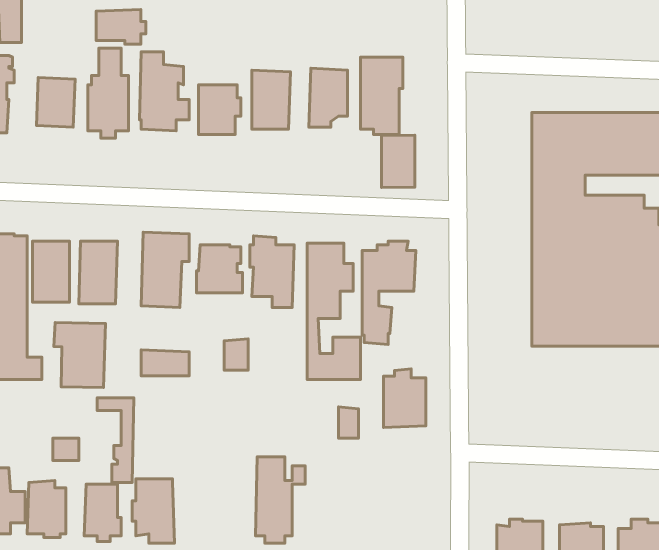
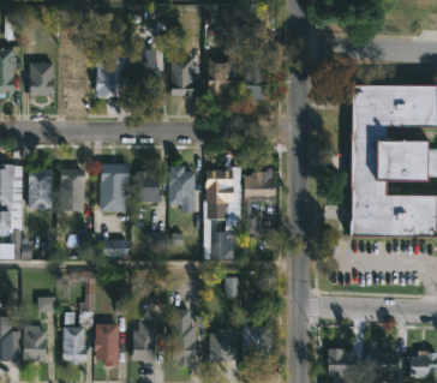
building: [96,9,146,44] -> none
building: [382,135,415,188] -> none
building: [54,323,105,387] -> none
building: [384,369,426,428] -> [241,325,269,364]
building: none -> [130,321,155,360]
building: none -> [209,328,231,361]

